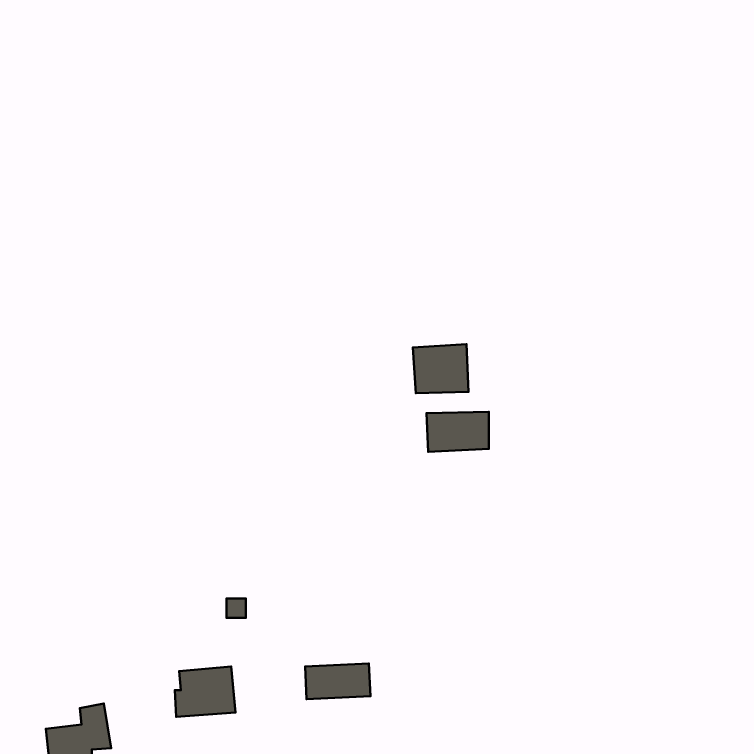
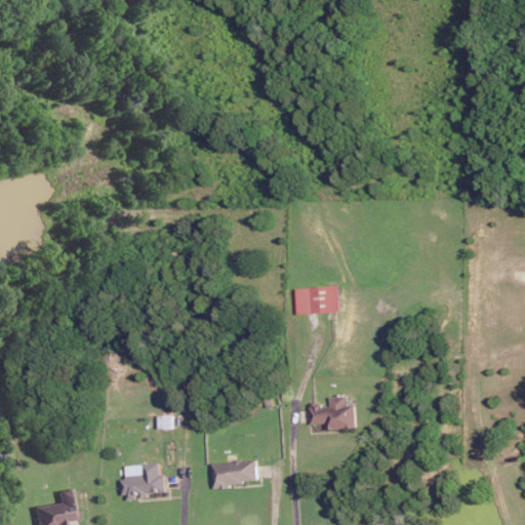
building: [413,344,468,393] -> none
building: none -> [309,397,356,431]

